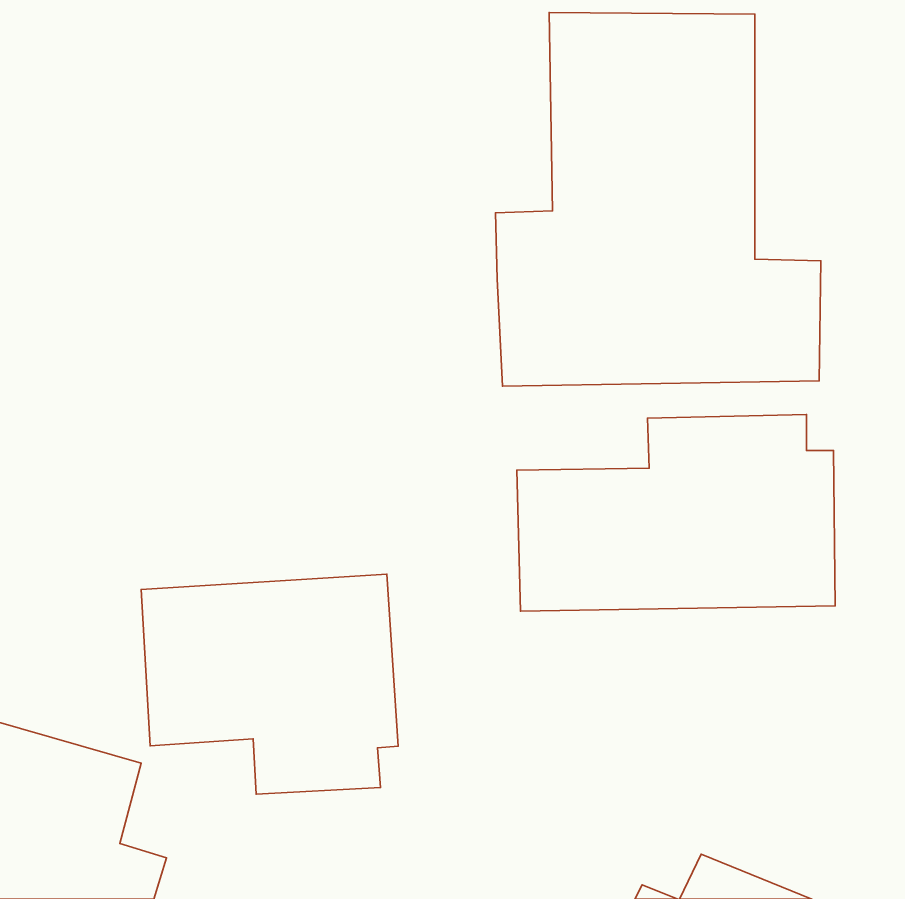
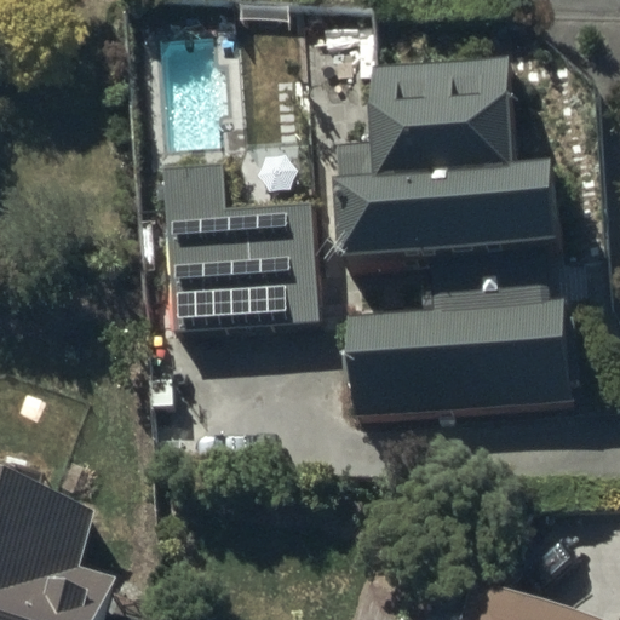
building: none -> [165,167,317,332]
building: [141,574,398,794] -> none

